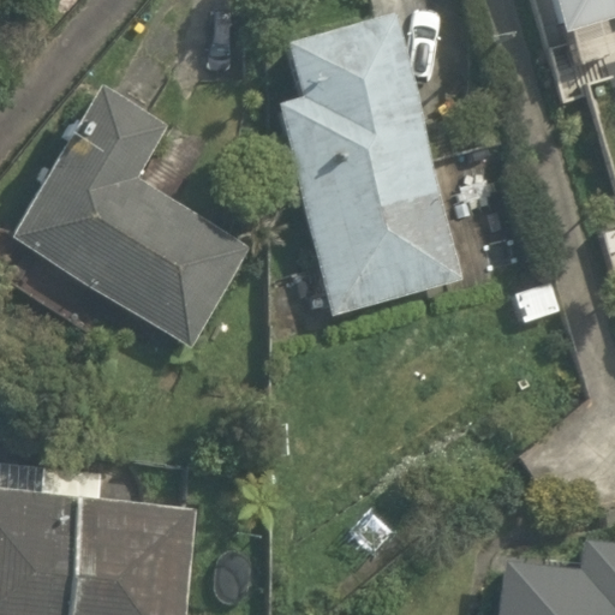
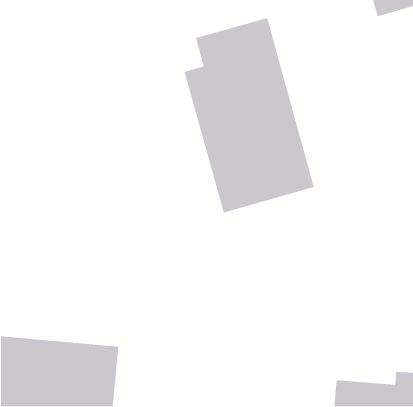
building: [11,80,250,346] -> none

